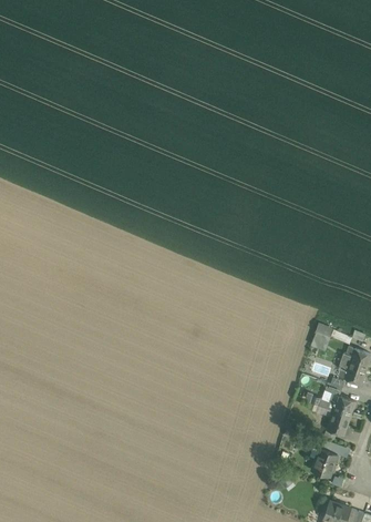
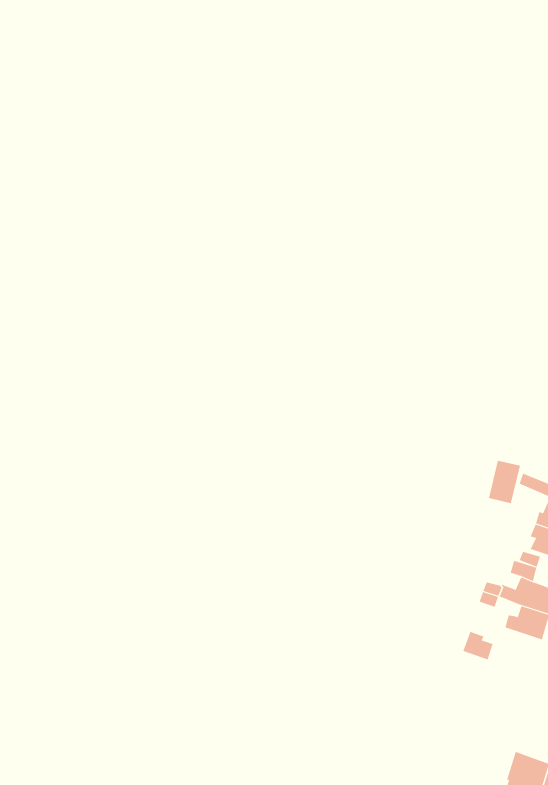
building: [310,449,337,475] -> none

